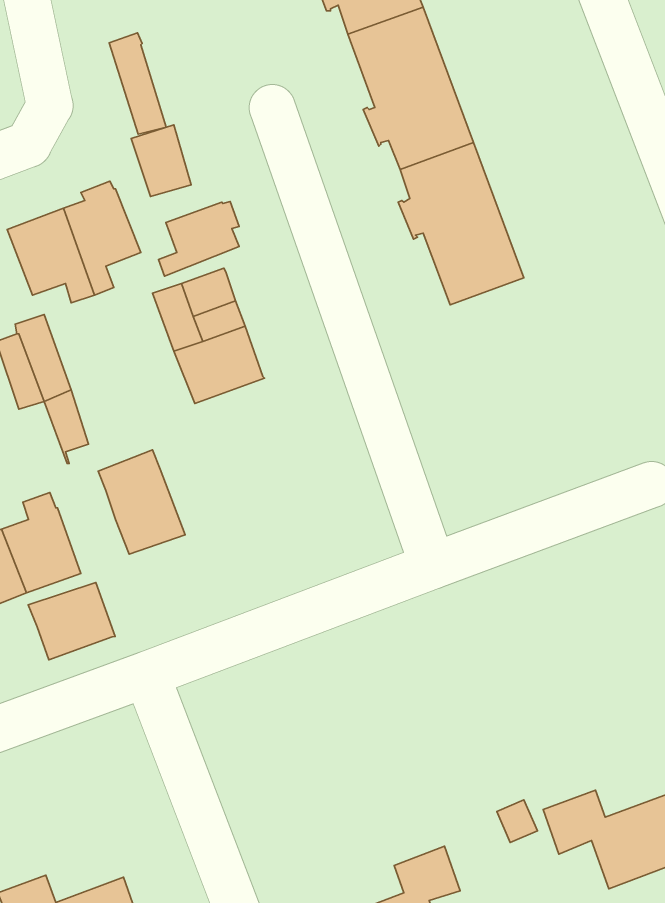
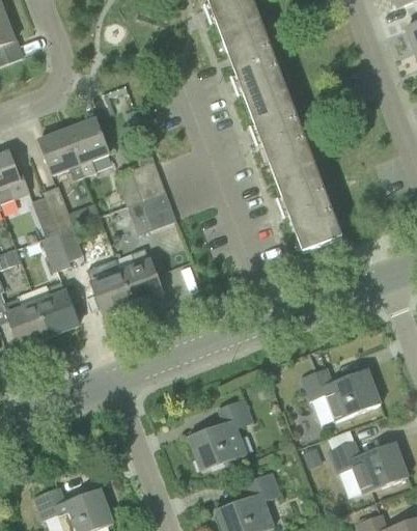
building: [109,33,166,134] -> none
building: [159,201,239,276] -> none
building: none -> [276,166,342,253]
building: none -> [41,232,71,272]
building: none -> [116,248,162,304]
building: [28,582,115,660] -> none
building: none -> [301,367,381,421]
building: none -> [188,398,252,471]

